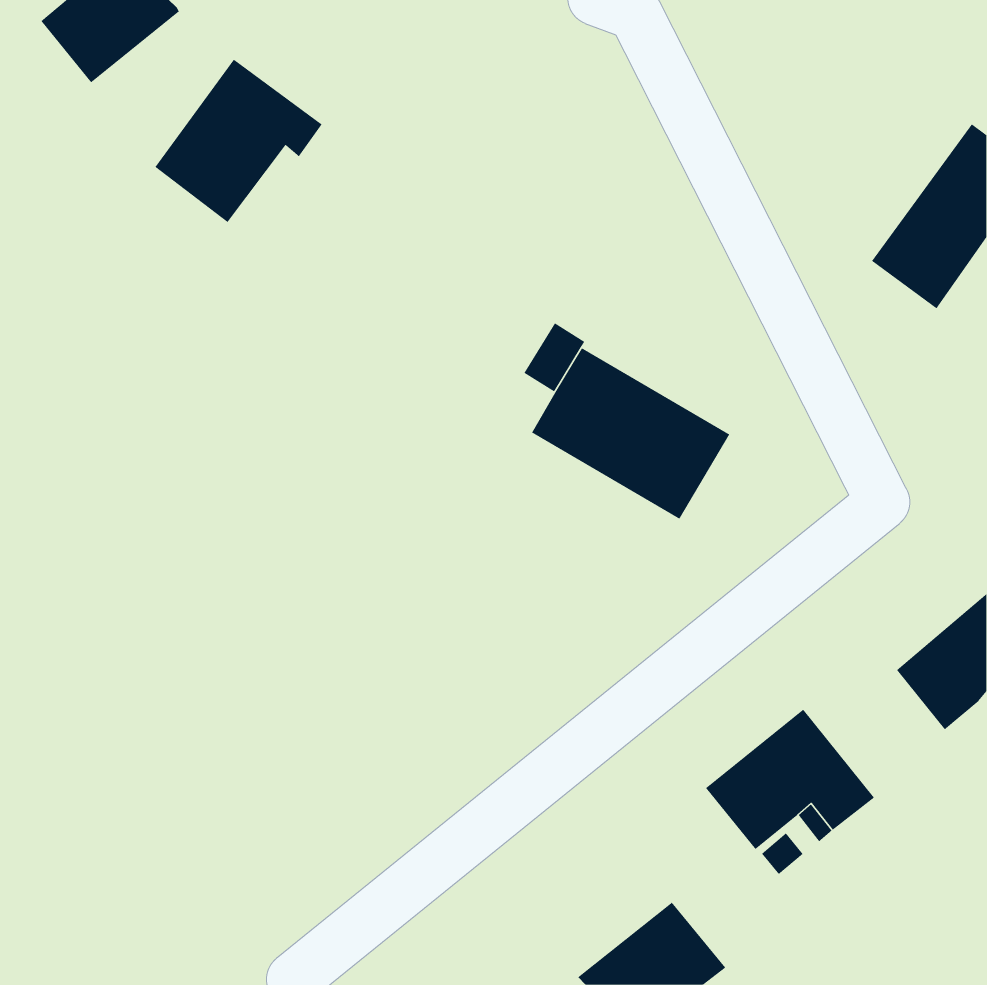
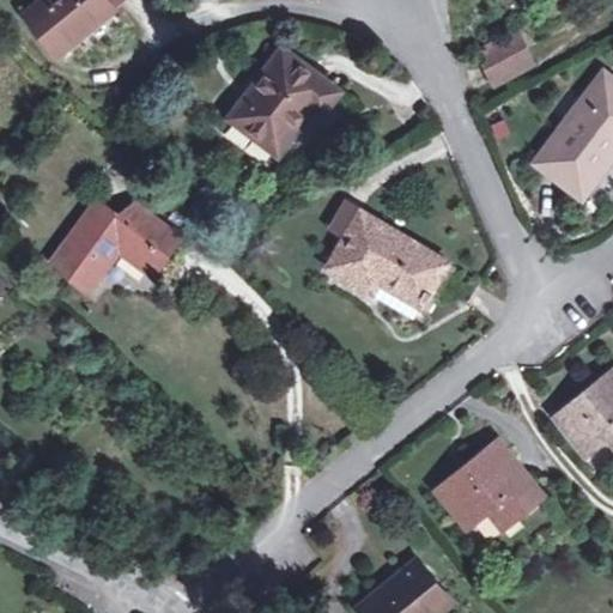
building: none -> [478,26,536,81]
building: [154,59,322,223] -> [232,49,336,151]
building: none -> [51,201,178,292]

